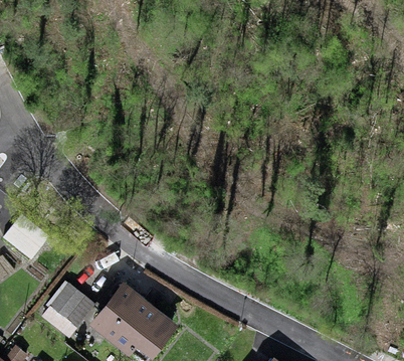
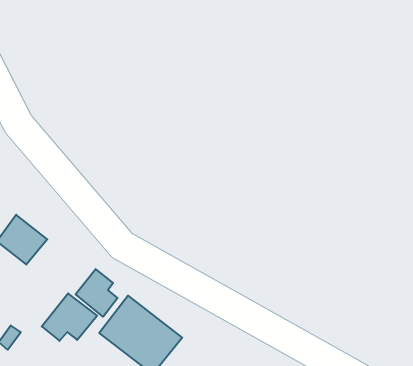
building: none -> [76,269,118,317]

